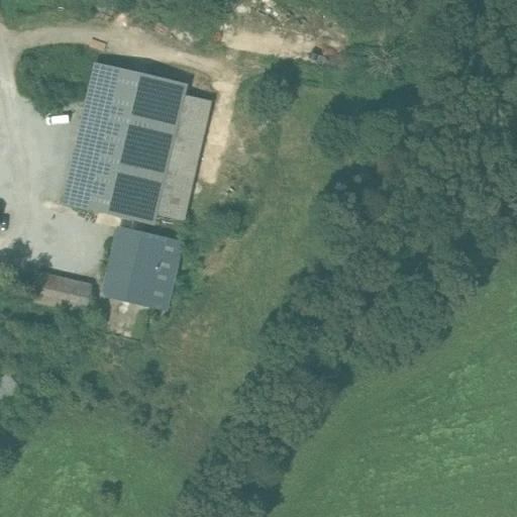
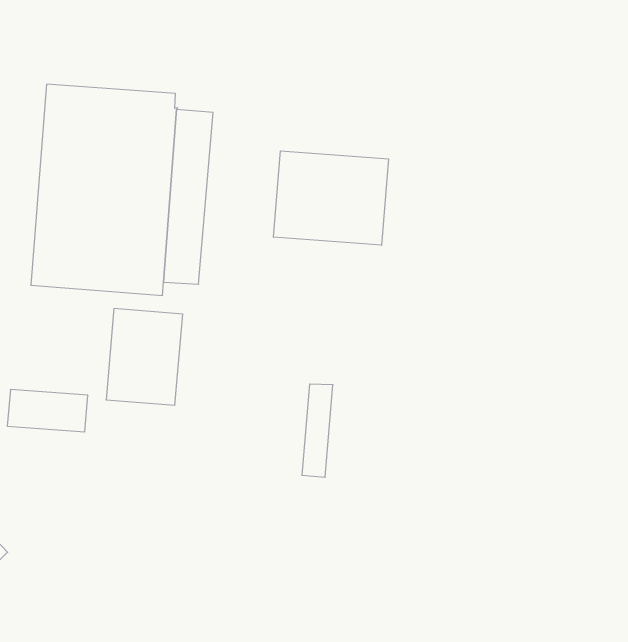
building: none -> [274,151,388,245]
building: [151,238,183,305] -> [302,384,333,477]

